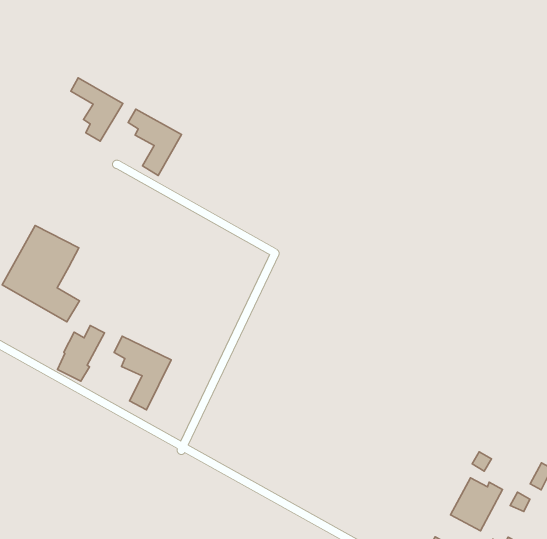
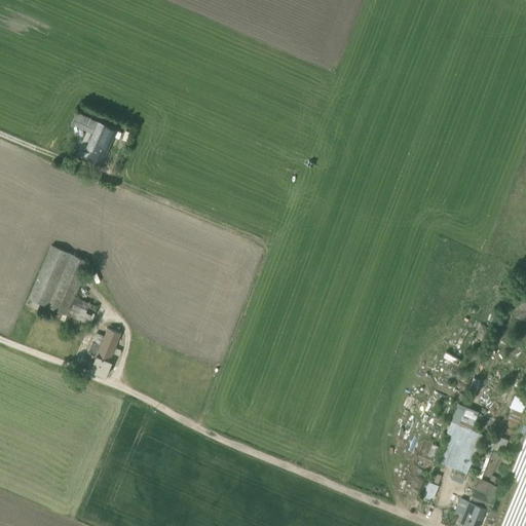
building: [128,109,181,175] -> none
building: [114,336,171,410] -> none

